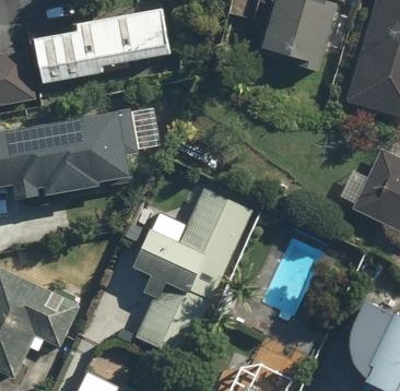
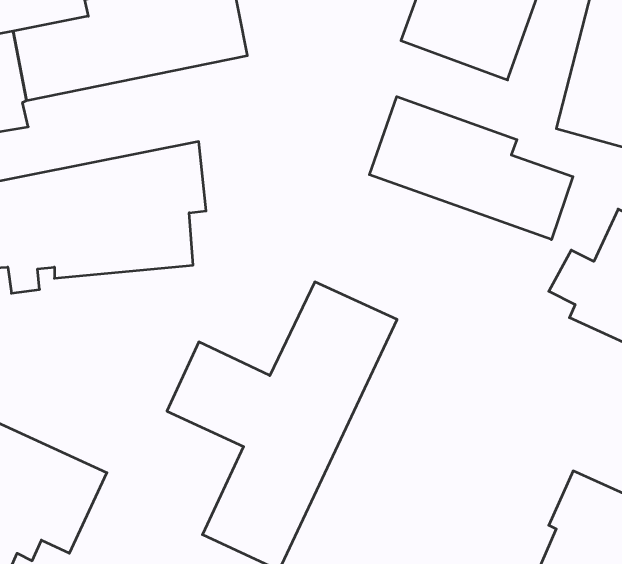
building: none -> [369,97,573,240]

